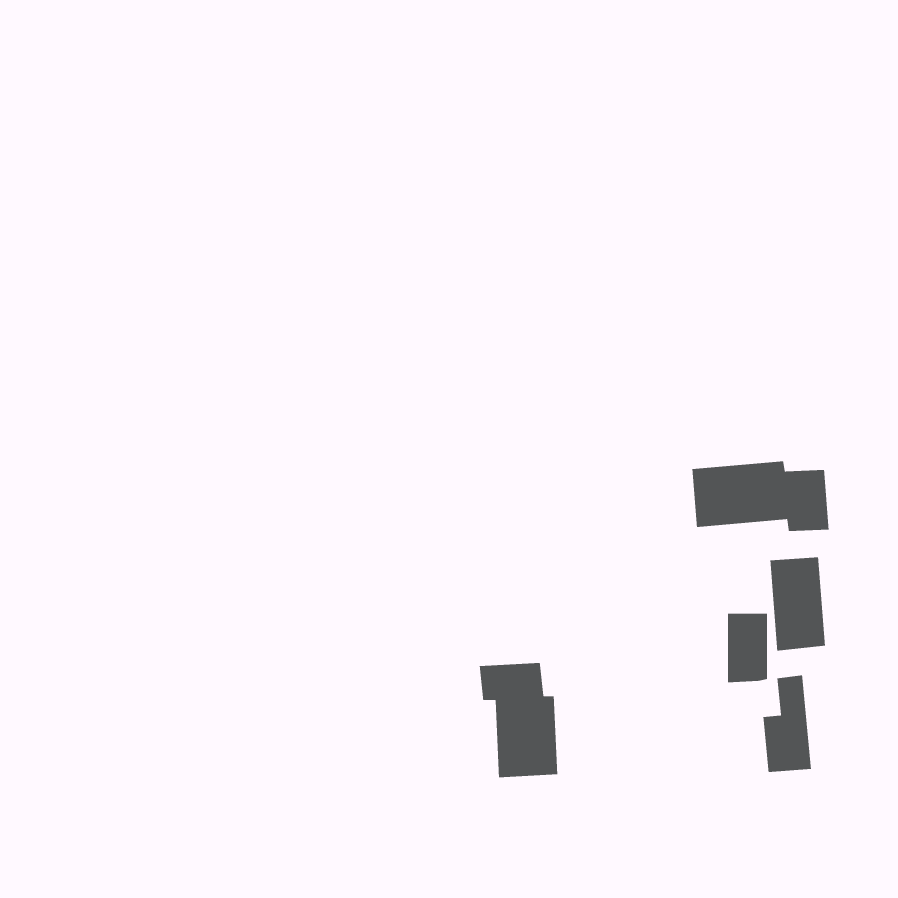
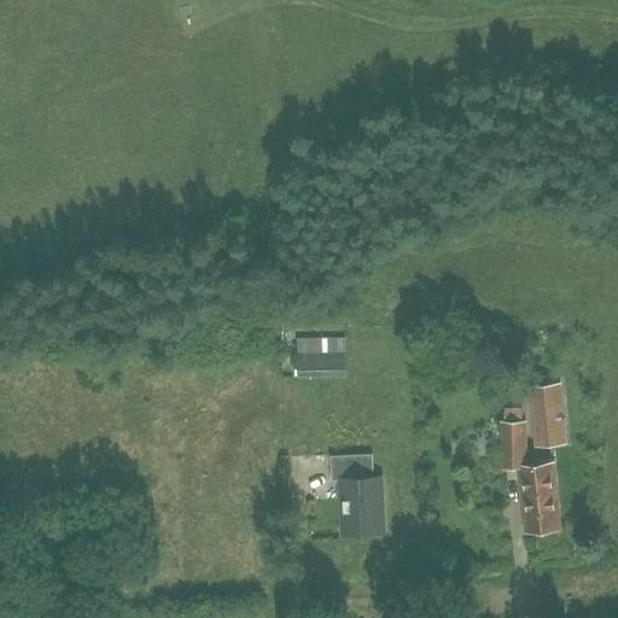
building: [691,460,830,532] -> none
building: none -> [297,351,346,378]

